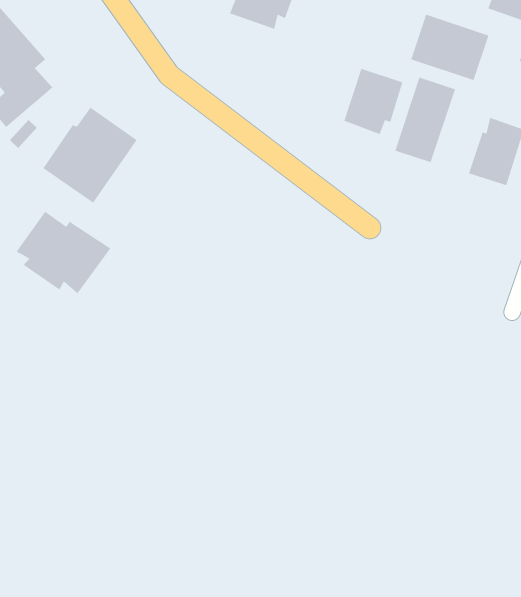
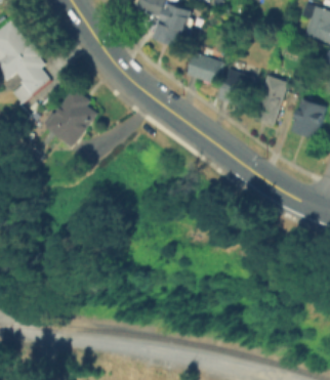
building: [410,14,489,81] -> none
building: none -> [190,50,224,85]
building: [16,211,111,294] -> none

